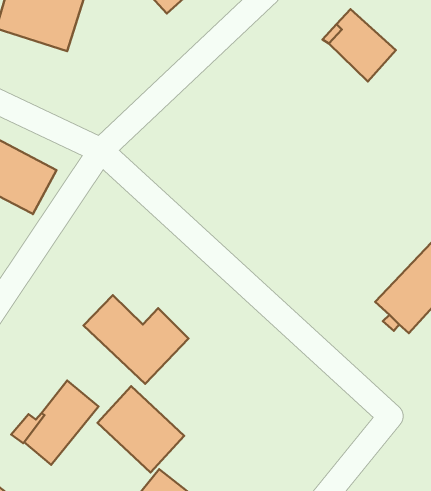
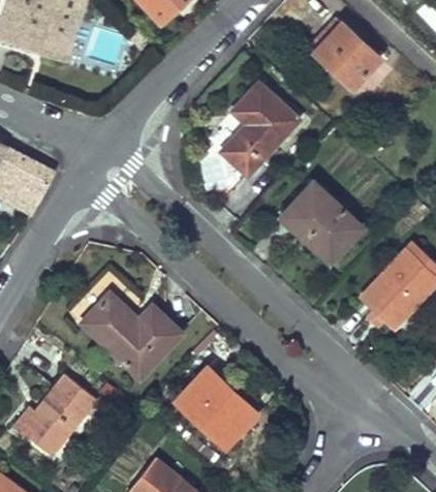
building: none -> [221,83,298,175]
building: none -> [281,181,363,262]
building: [98,386,184,472] -> [175,366,257,449]

